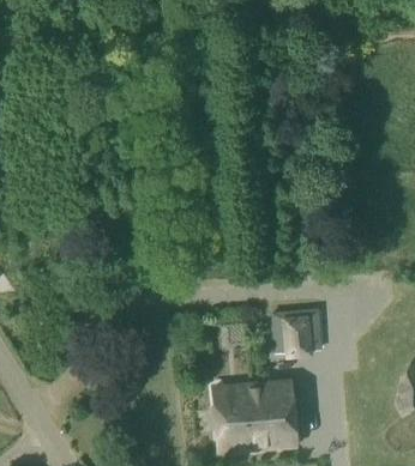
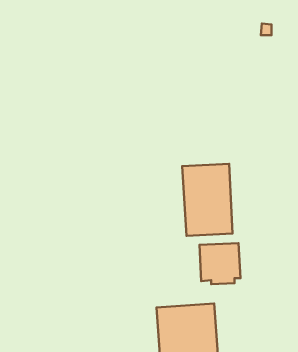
building: none -> [182,164,233,236]

